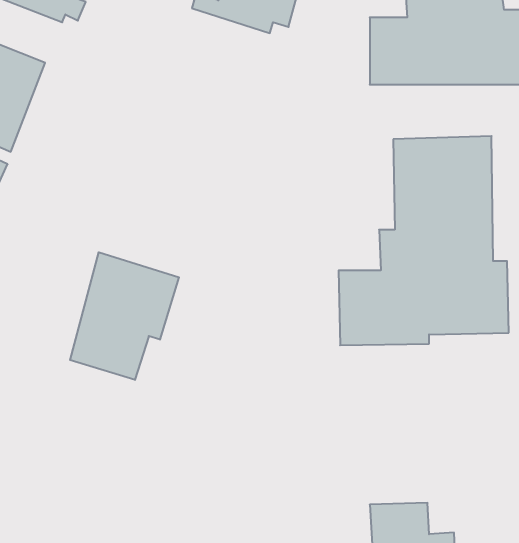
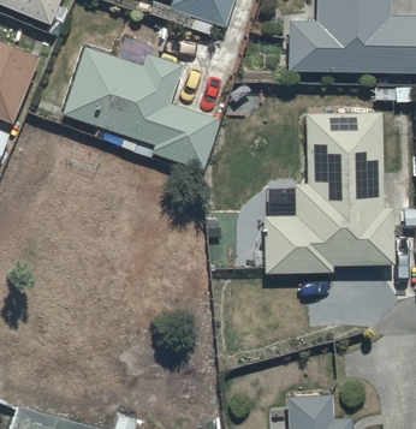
building: none -> [61,47,220,169]
building: [70,252,179,380] -> none

